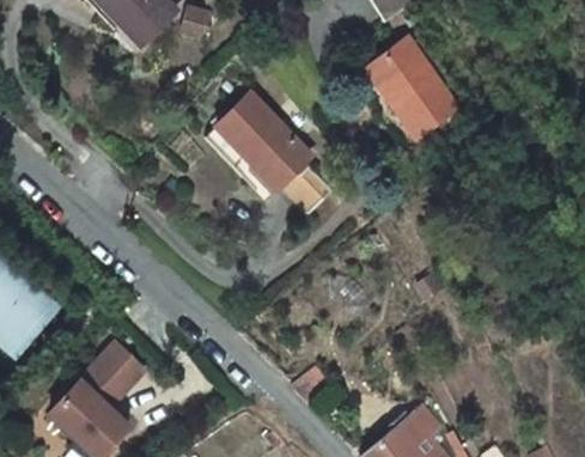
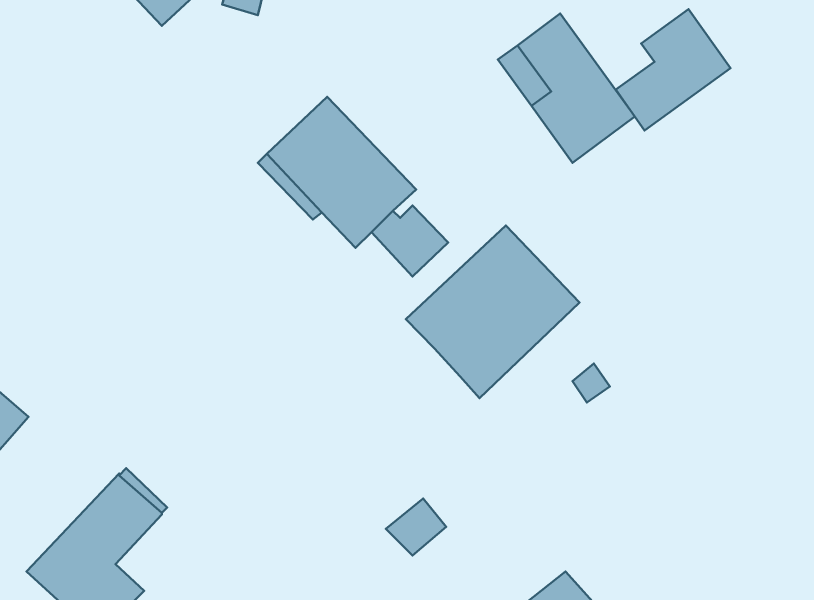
building: none -> [616,9,730,130]
building: none -> [406,226,580,398]

